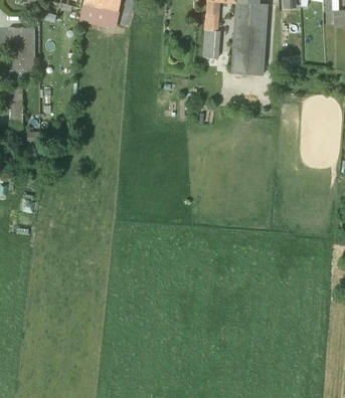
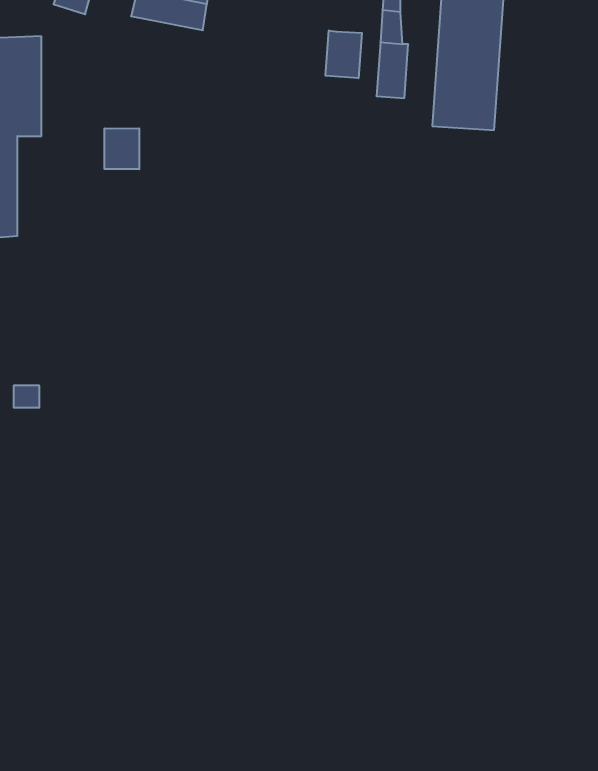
building: none -> [326,30,362,78]
building: none -> [104,128,139,169]

